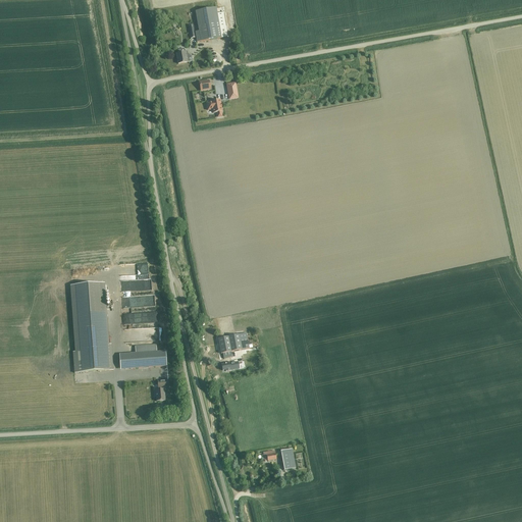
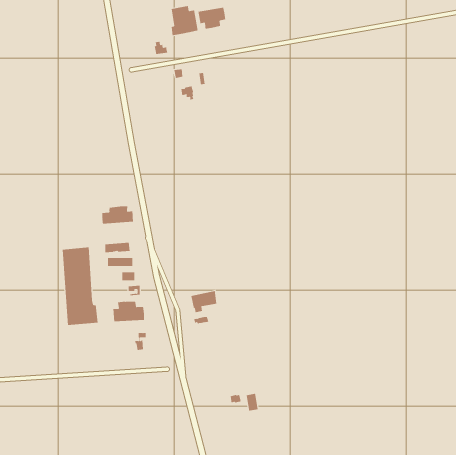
building: none -> [198,7,226,29]
building: none -> [102,206,134,224]

